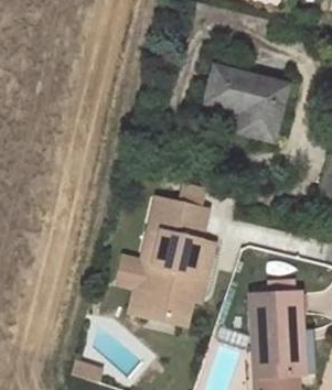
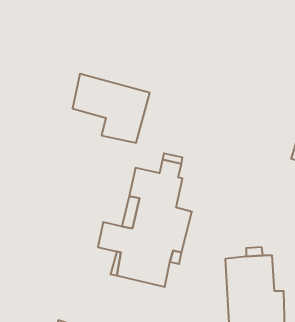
building: [205,66,287,139] -> [72,74,150,143]

